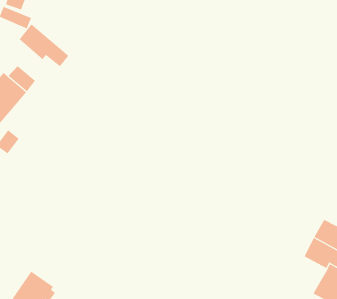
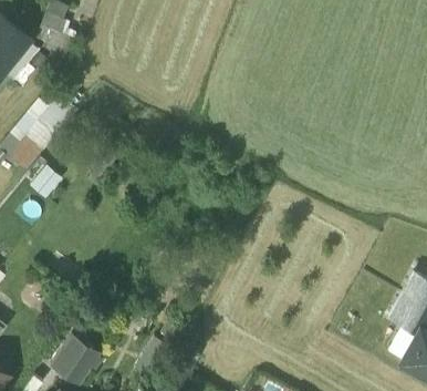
building: [19,23,69,67] -> none

